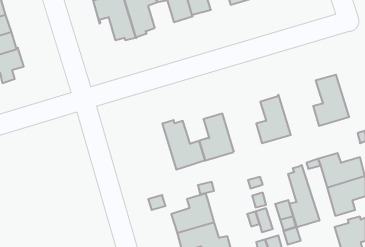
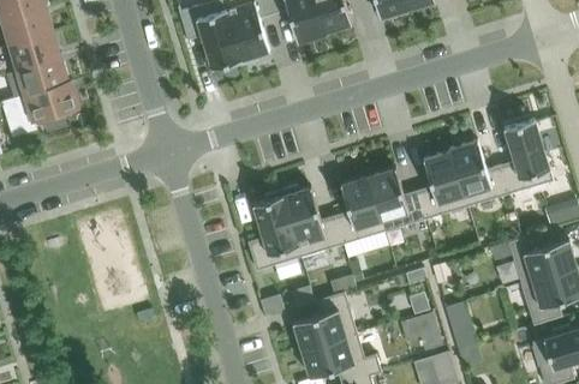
building: none -> [449,139,508,206]
building: none -> [368,167,425,230]
building: none -> [247,190,300,270]
building: [288,165,319,227] -> none

